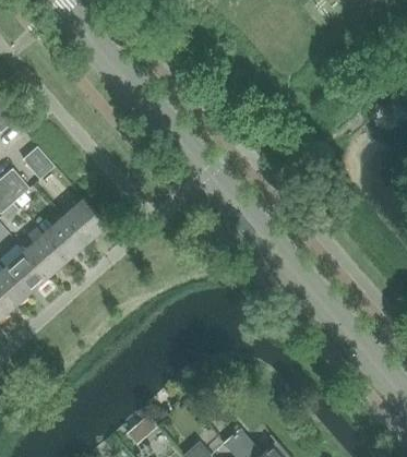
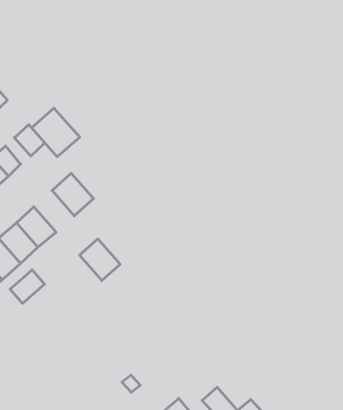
building: none -> [32,108,80,157]
building: [41,217,85,262] -> [80,239,120,281]
building: none -> [10,270,45,303]

